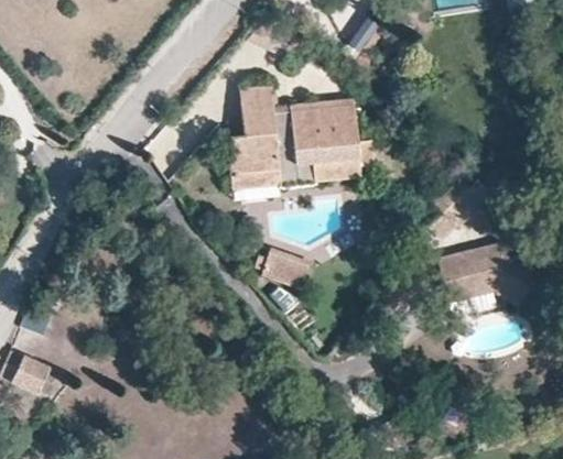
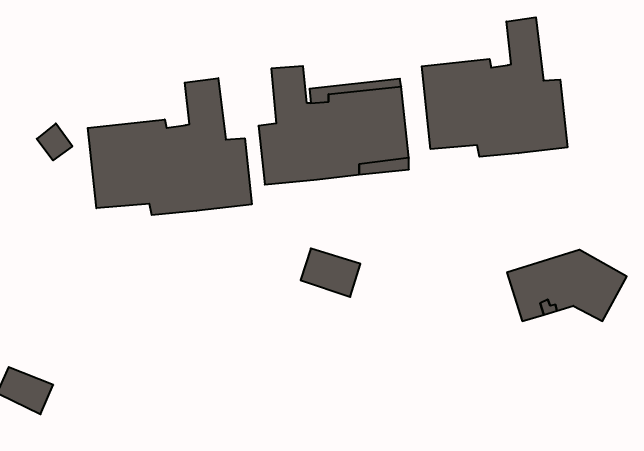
building: none -> [422,17,567,157]
building: none -> [88,78,252,215]

